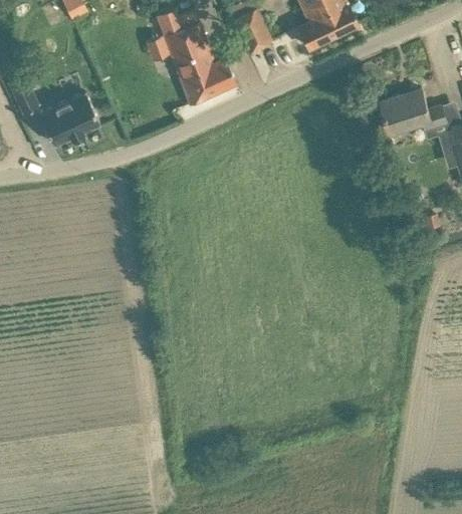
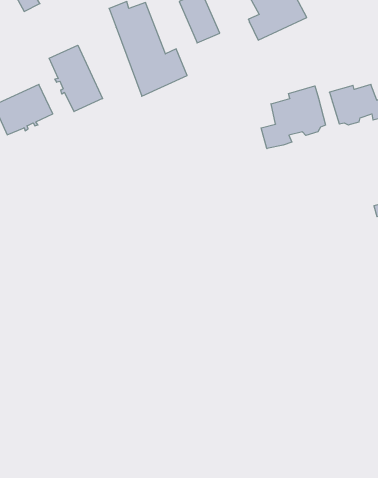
building: none -> [49,45,103,112]
building: none -> [261,86,326,149]

